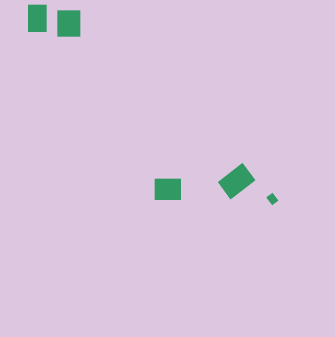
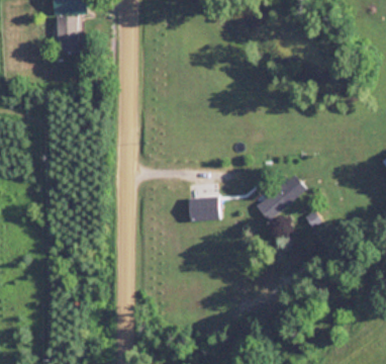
building: [57,10,81,38] -> none

